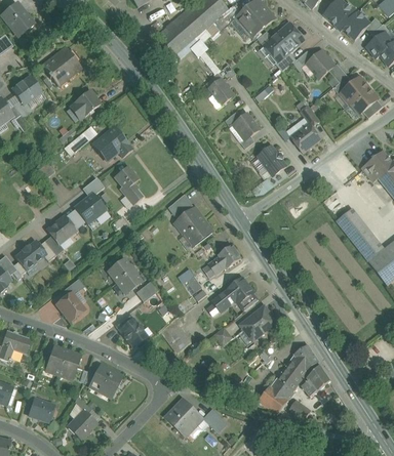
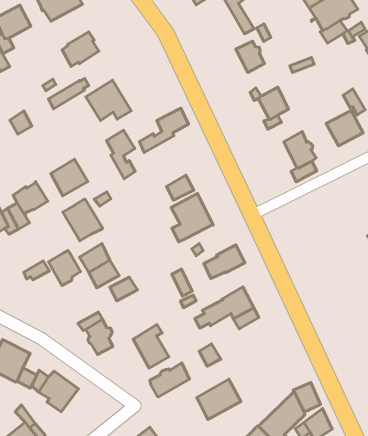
building: none -> [139,108,189,152]
building: none -> [63,199,103,241]
building: [56,292,83,321] -> [49,251,81,285]
building: [241,304,277,339] -> [197,379,241,420]
building: none -> [150,363,190,397]

